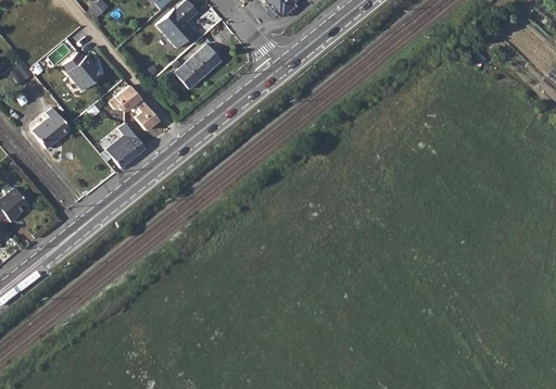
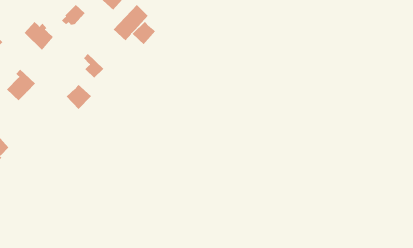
building: none -> [132,21,156,45]
building: [109,85,140,111] -> [61,4,85,25]

